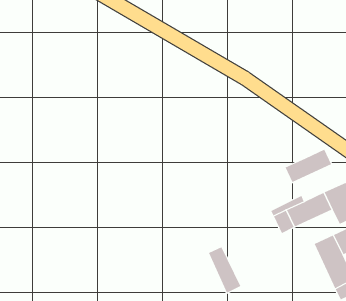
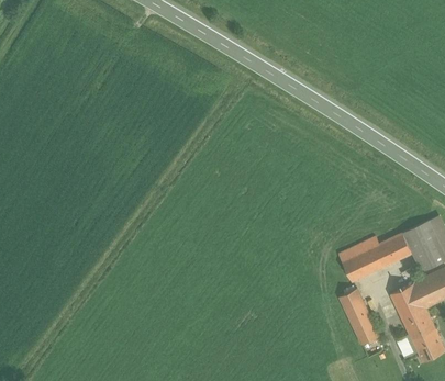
building: [285,149,332,183] -> none
building: [208,247,241,294] -> [338,289,378,345]

